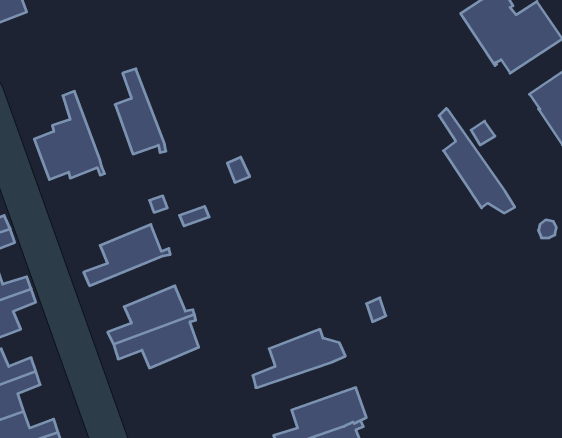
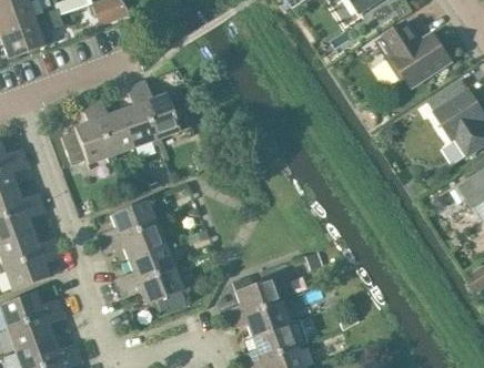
building: none -> [134,80,189,144]
building: none -> [89,96,132,161]
building: [439,108,515,213] -> none
building: none -> [100,221,163,259]
building: none -> [224,296,291,336]

